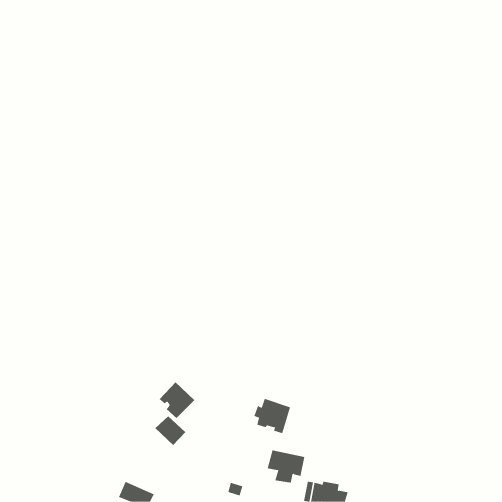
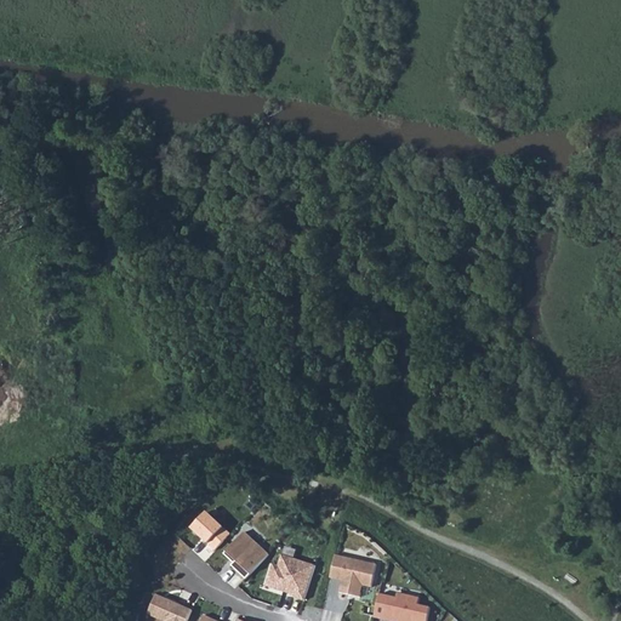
building: [159,382,195,419] -> [223,531,268,577]
building: [253,398,291,434] -> [267,554,313,598]

